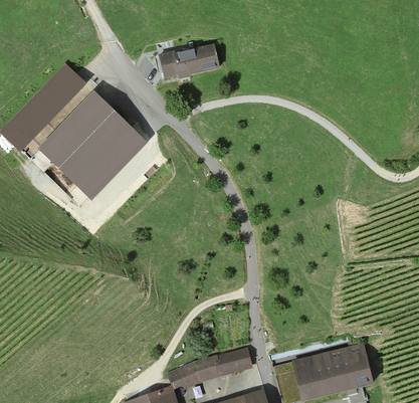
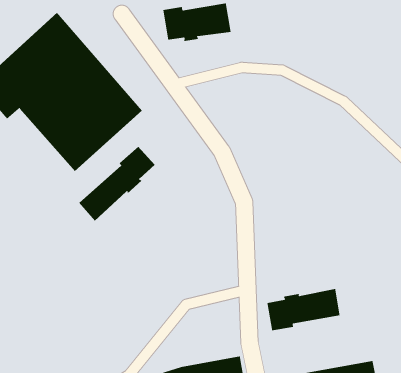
building: none -> [79,146,155,222]
building: none -> [267,288,340,331]

